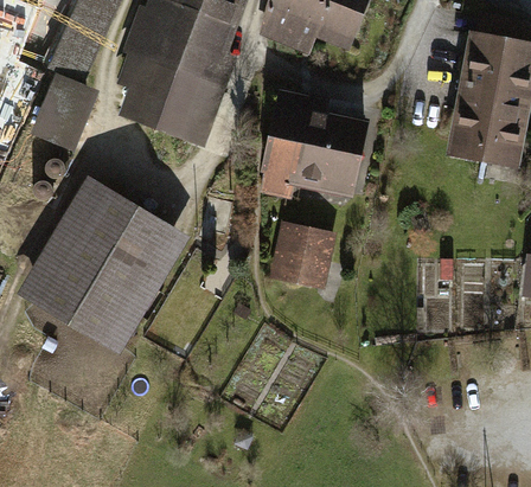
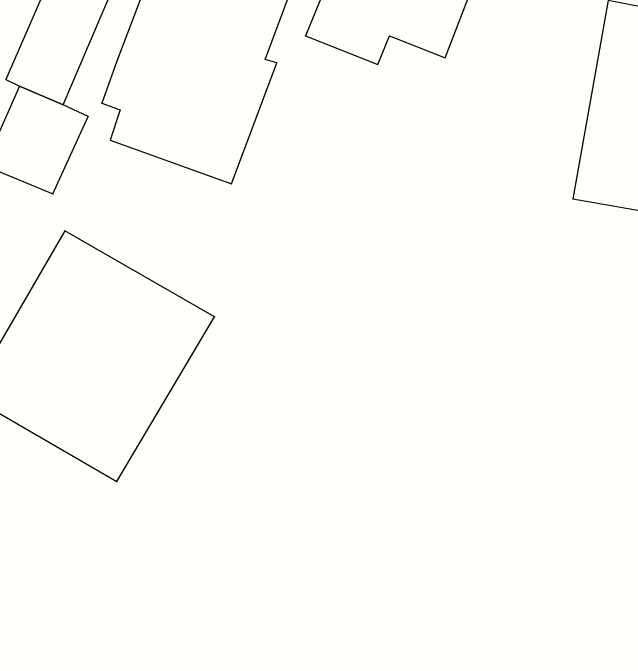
building: [251,89,372,200] -> none
building: [269,222,335,290] -> none

